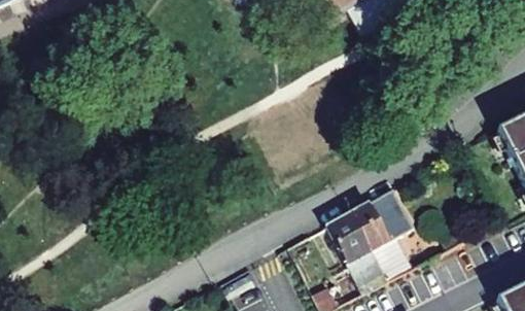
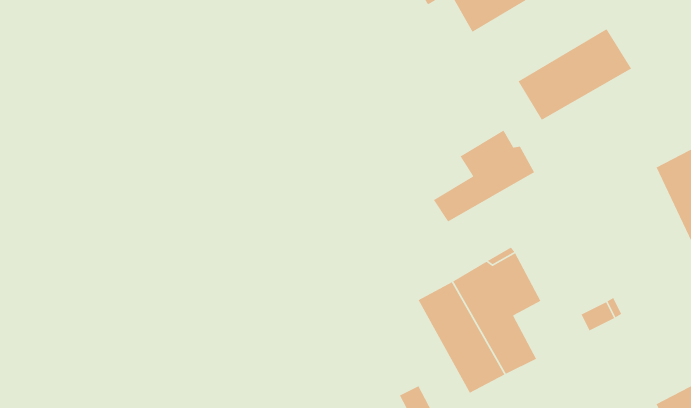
building: none -> [518,28,632,121]
building: none -> [433,130,535,222]

